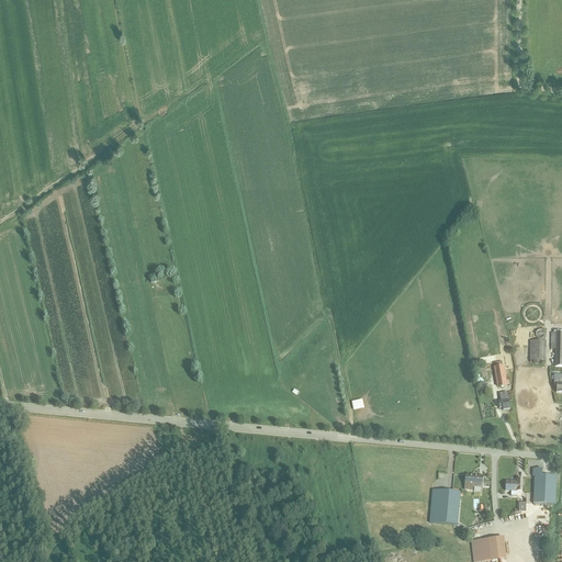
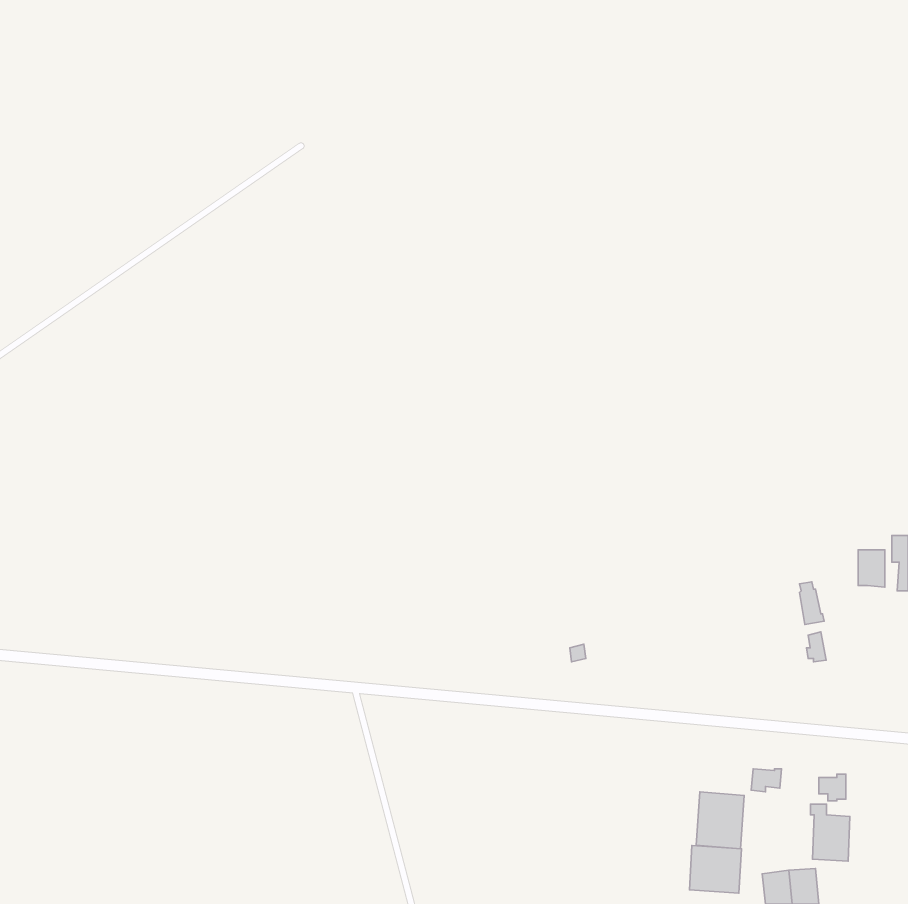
building: [531,468,555,503] -> [811,804,850,861]
building: none -> [689,846,741,893]

